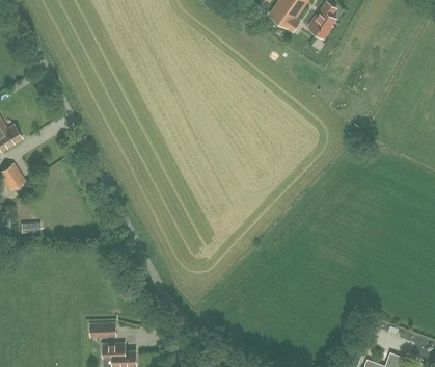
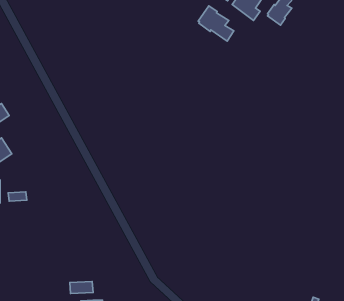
building: none -> [198,6,234,41]

